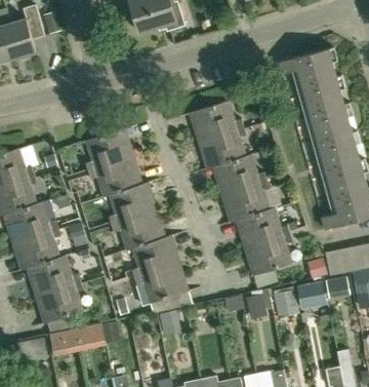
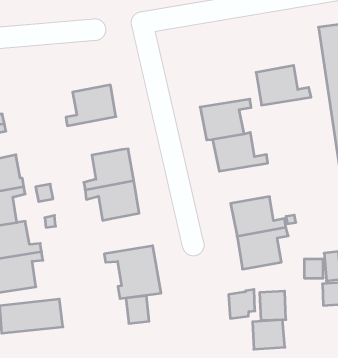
building: [193,102,243,140] -> [256,65,311,105]
building: [88,157,138,195] -> none
building: [224,181,269,221] -> none
building: [132,236,175,277] -> none
building: [296,281,327,310] -> [253,320,285,349]

